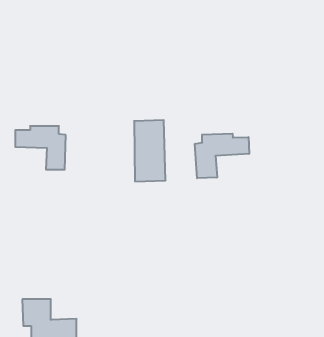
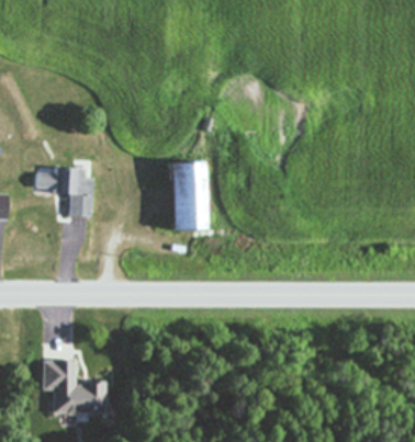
building: [195,134,249,178] -> none

